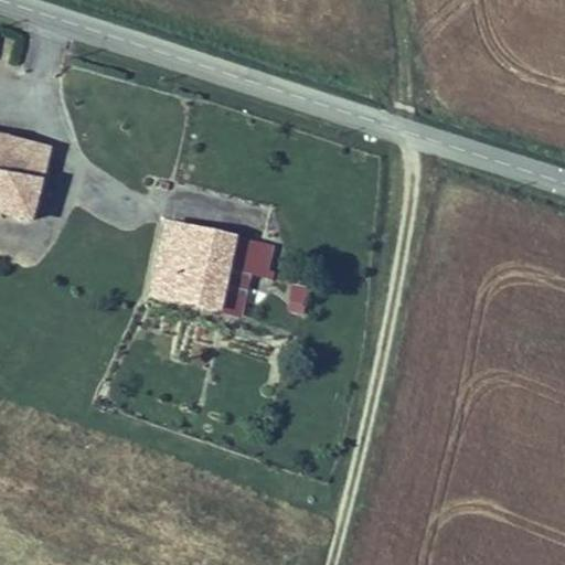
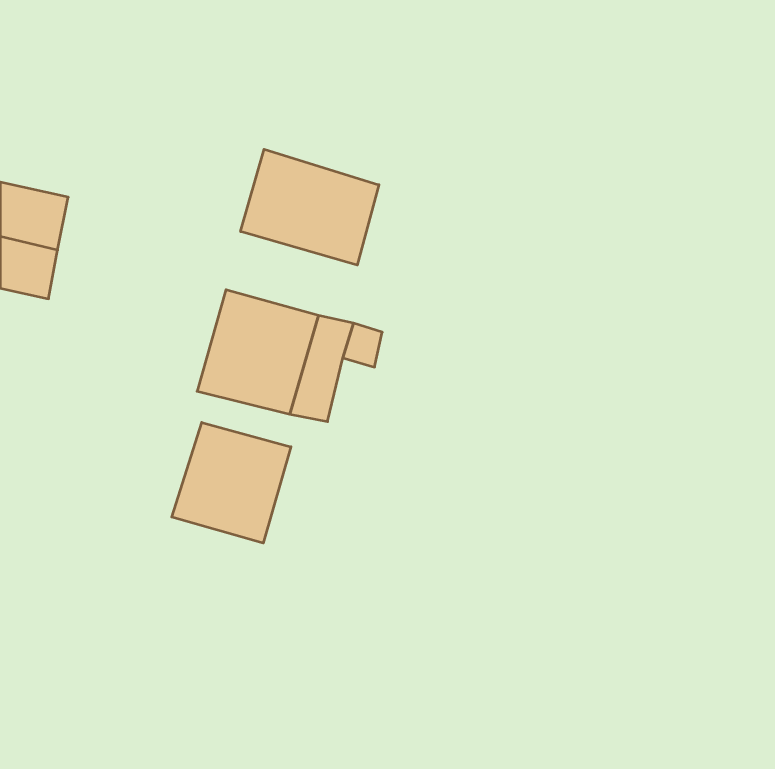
building: none -> [241,149,379,265]
building: none -> [172,422,291,543]

